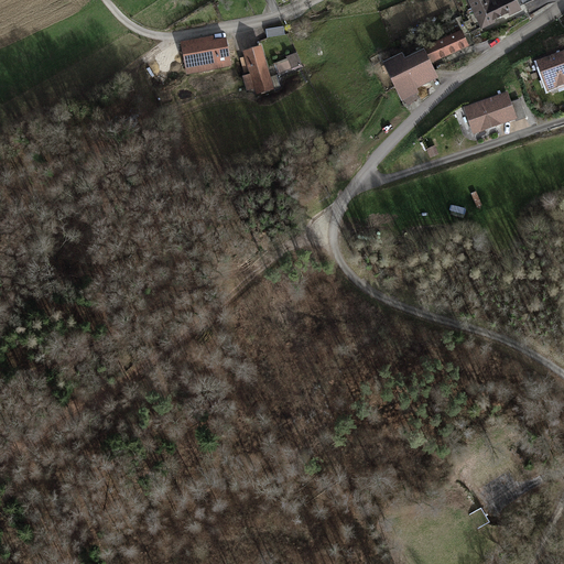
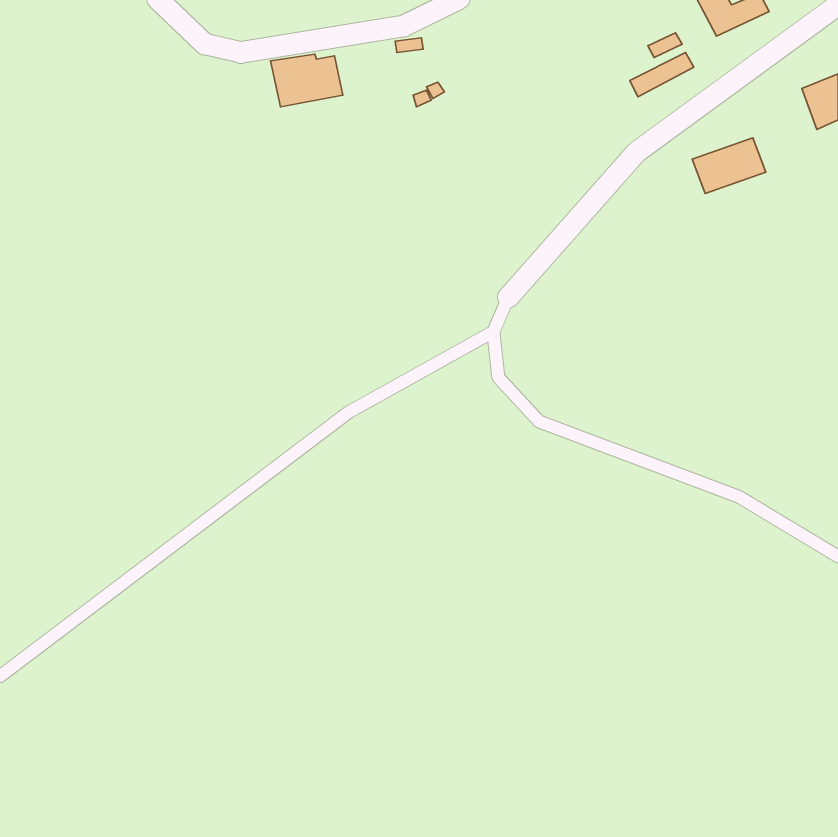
building: [245,46,272,91] -> none
building: [383,54,435,97] -> none

